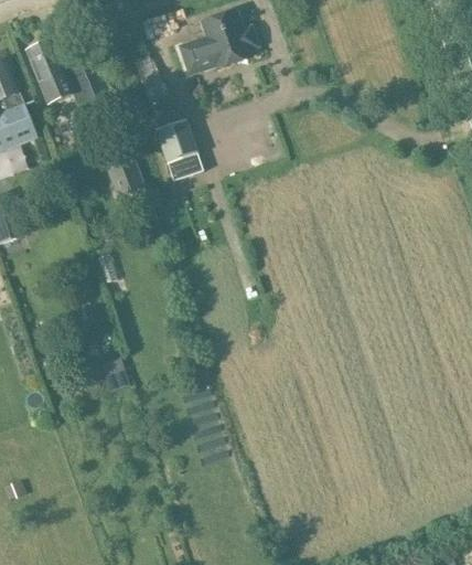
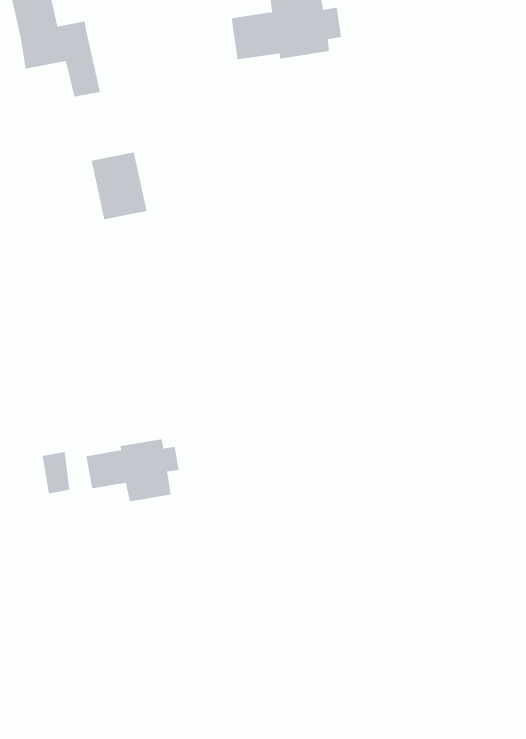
building: [153,118,203,180] -> none
building: none -> [86,439,179,502]

